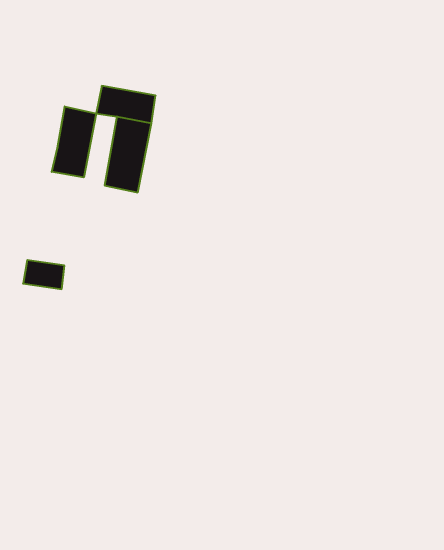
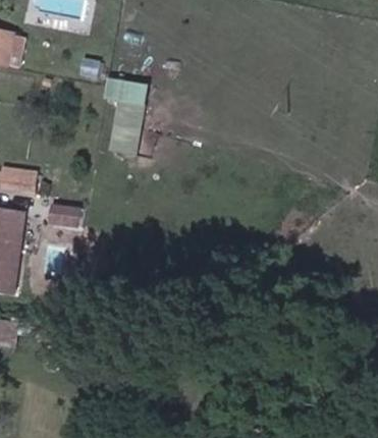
building: [52,106,96,177] -> none

